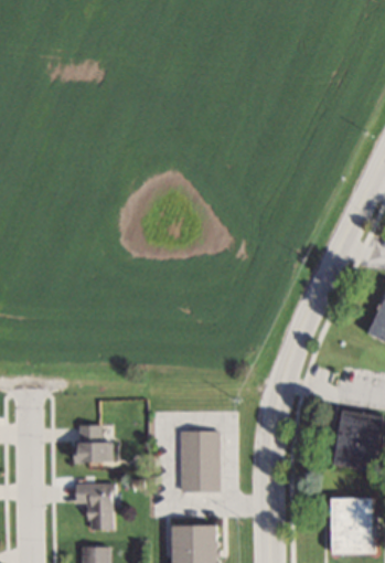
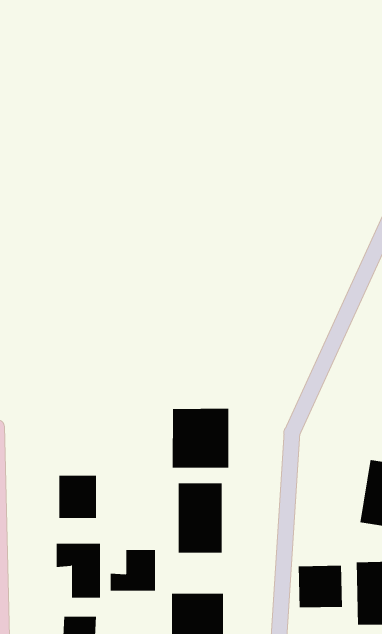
building: none -> [172,408,229,468]
building: none -> [110,549,155,592]
building: none -> [298,565,342,608]

